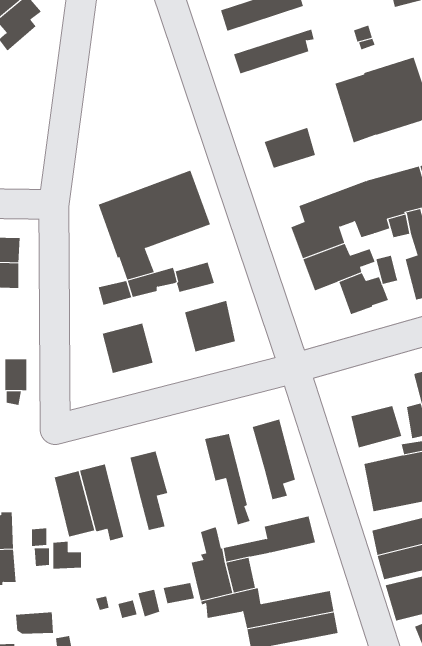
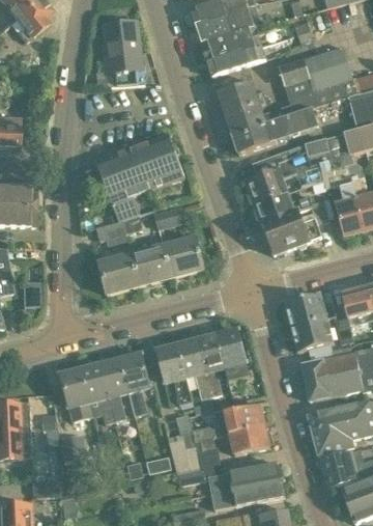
building: none -> [196,6,262,44]
building: none -> [103,19,146,87]
building: none -> [206,41,266,76]
building: none -> [219,80,259,112]
building: none -> [232,107,317,154]
building: none -> [264,221,292,254]
building: none -> [131,245,171,284]
building: none -> [286,293,325,326]
building: none -> [198,334,225,395]
building: none -> [157,343,194,408]
building: none -> [102,358,128,420]
building: none -> [229,424,270,453]

